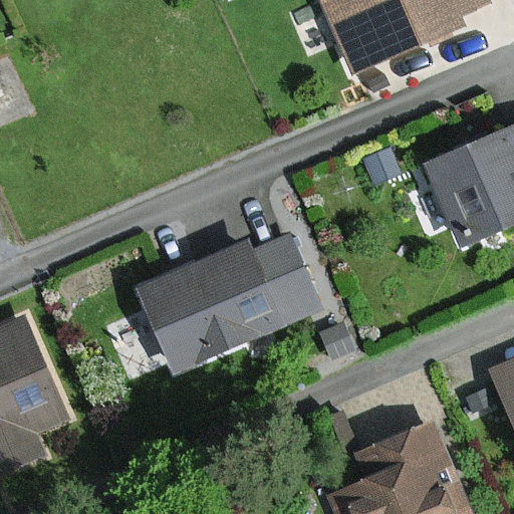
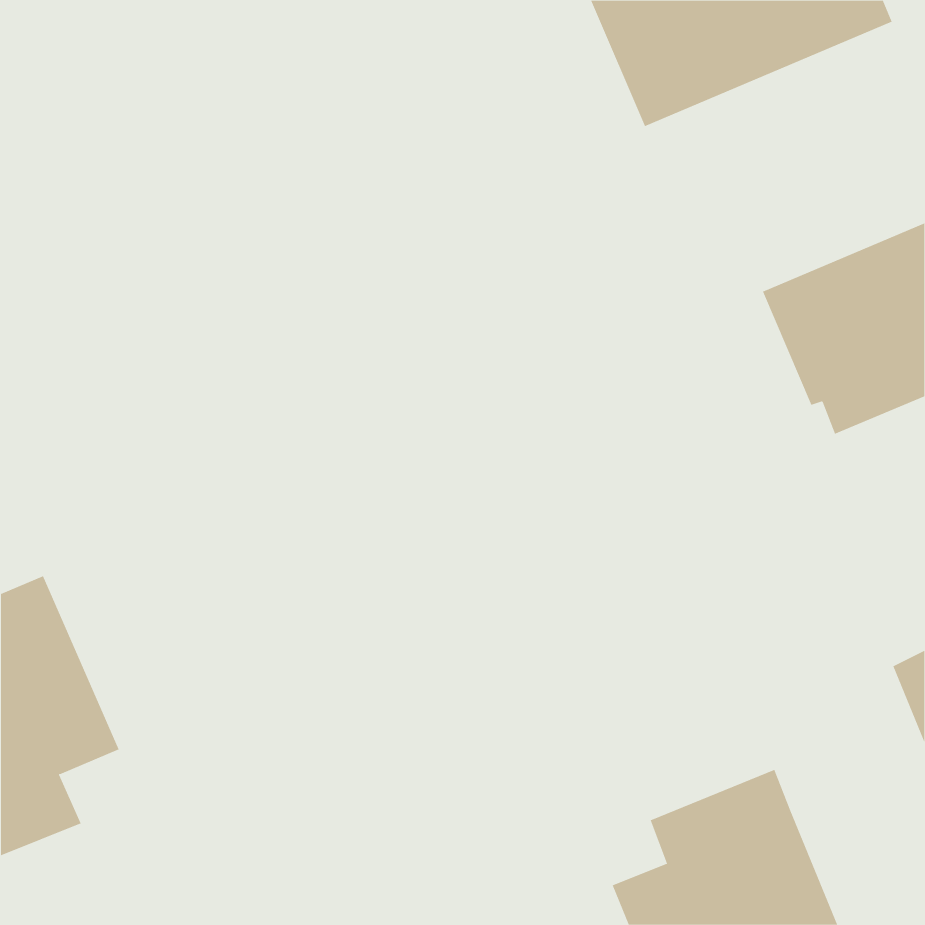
building: [142,237,318,367] -> none

